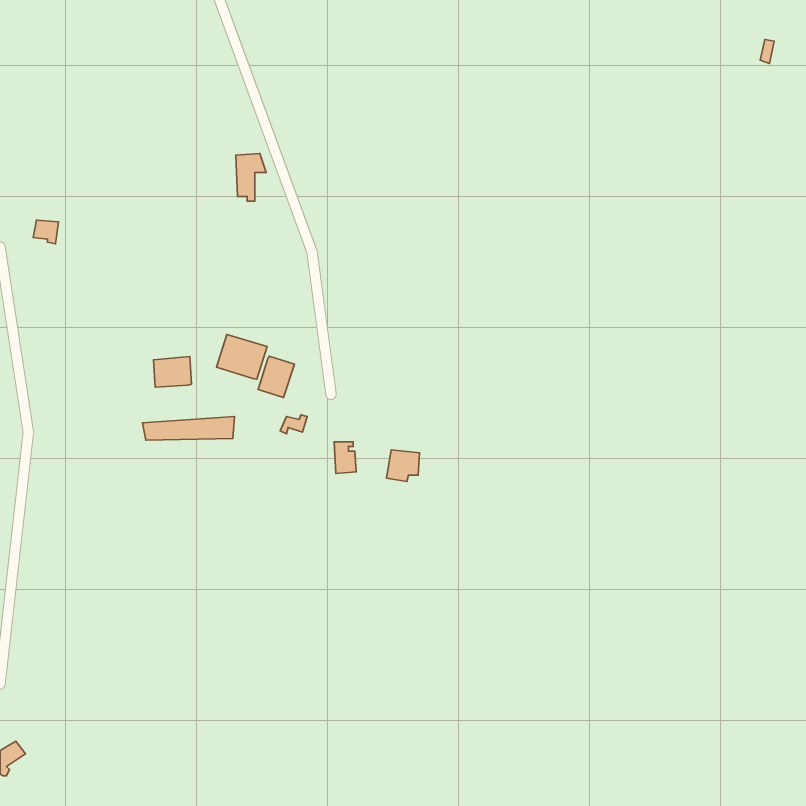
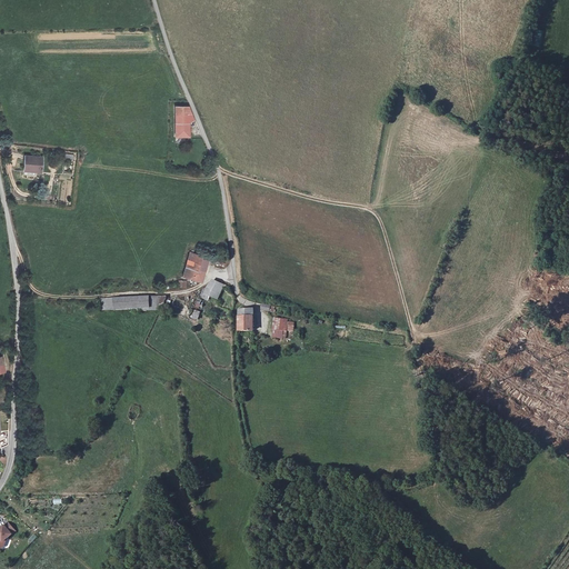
building: [216,335,267,379] -> none
building: [153,357,192,387] -> none

